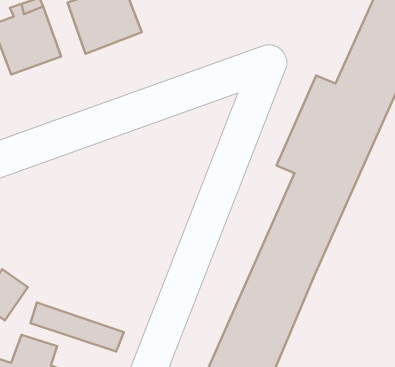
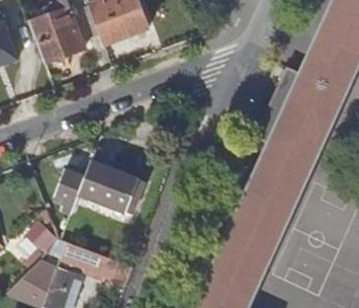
building: none -> [61,155,151,217]

